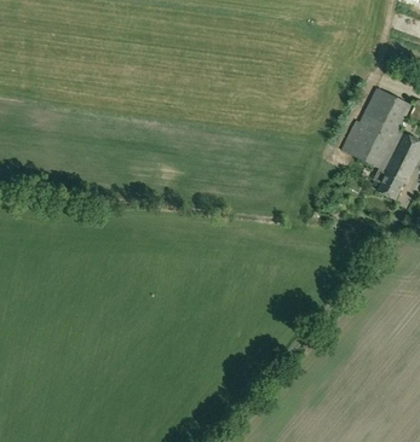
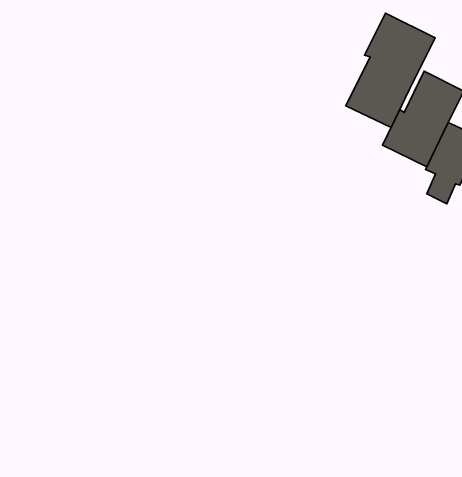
building: none -> [346,13,435,128]

